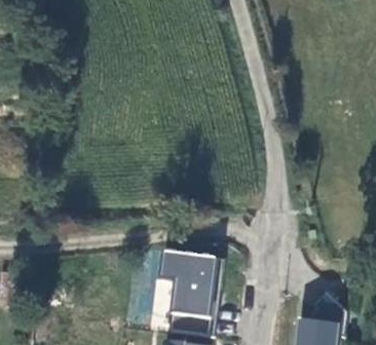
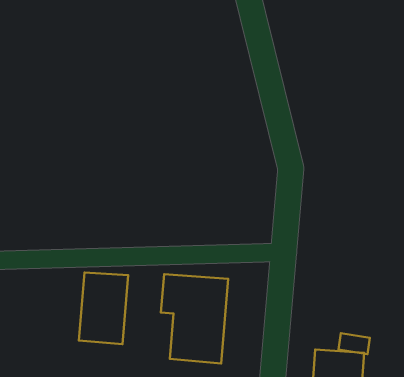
building: none -> [79,273,128,344]

